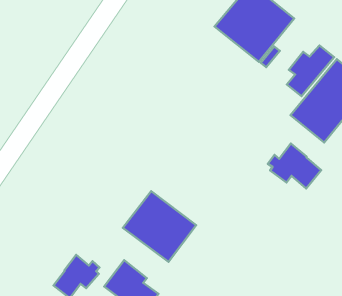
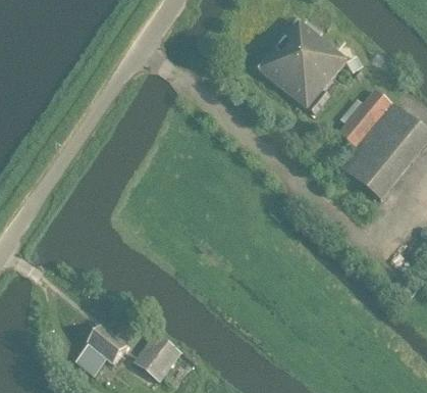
building: [268,143,321,188] -> none
building: [123,191,196,262] -> none

